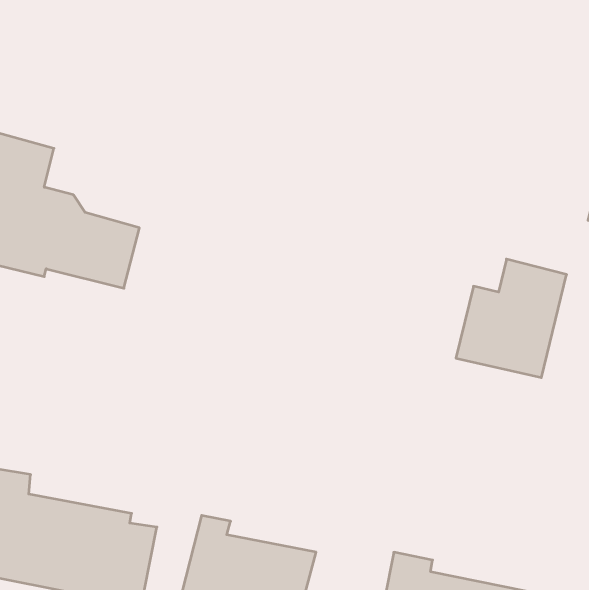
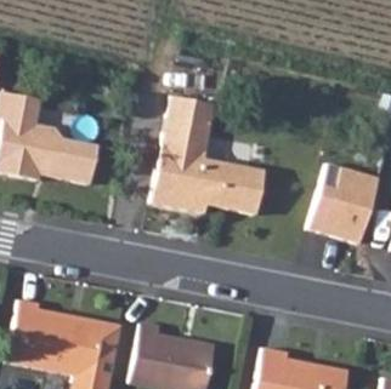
building: none -> [154,95,272,214]

